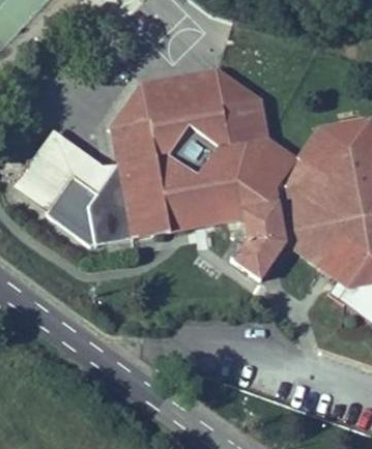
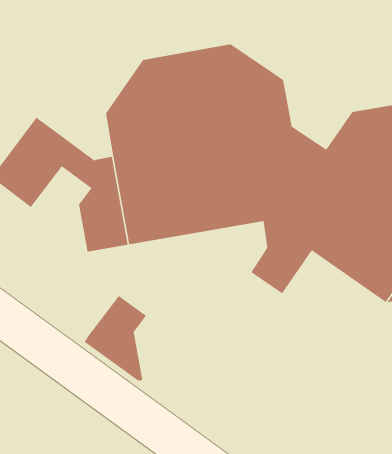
building: [47,173,99,245] -> [84,295,147,381]

